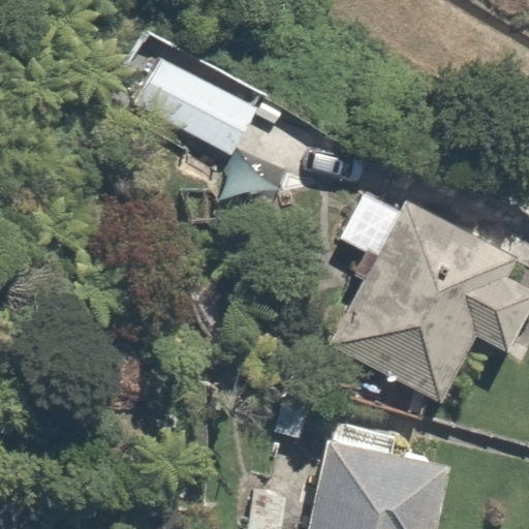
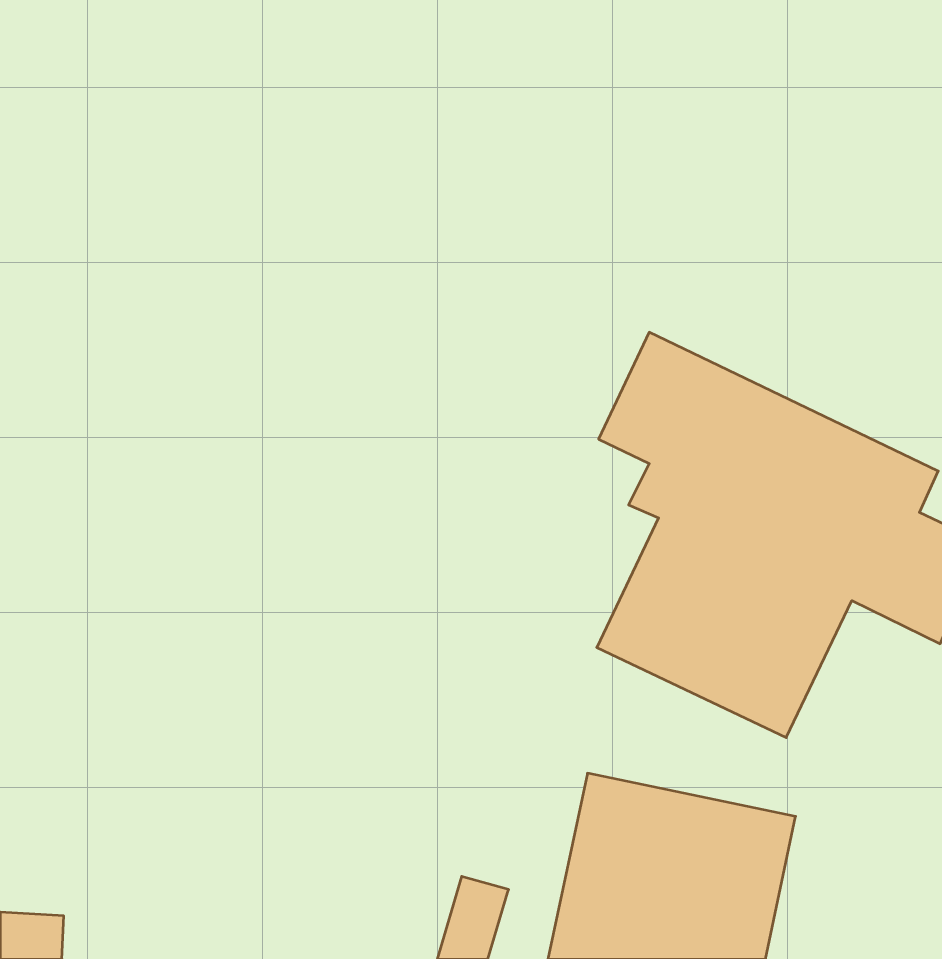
building: [132,56,260,176] -> none

